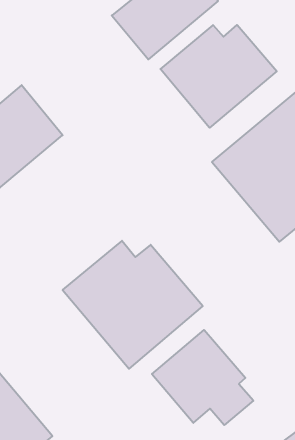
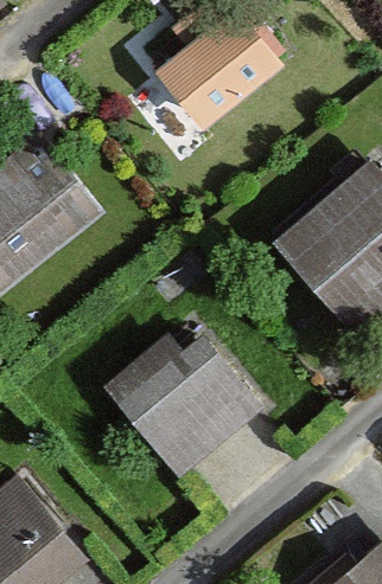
building: [160,25,277,128] -> none
building: [152,330,253,425] -> none

